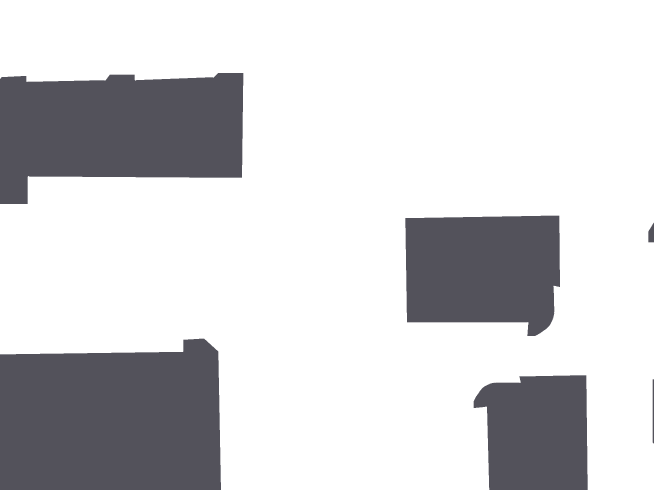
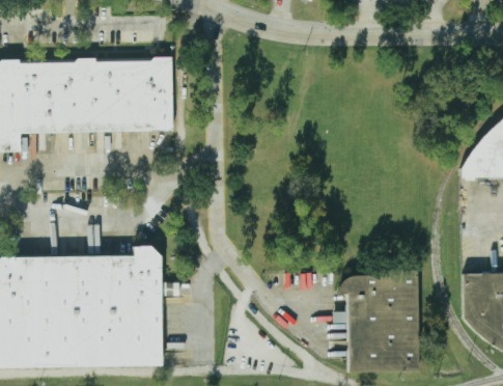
building: [405,215,560,337] -> none

